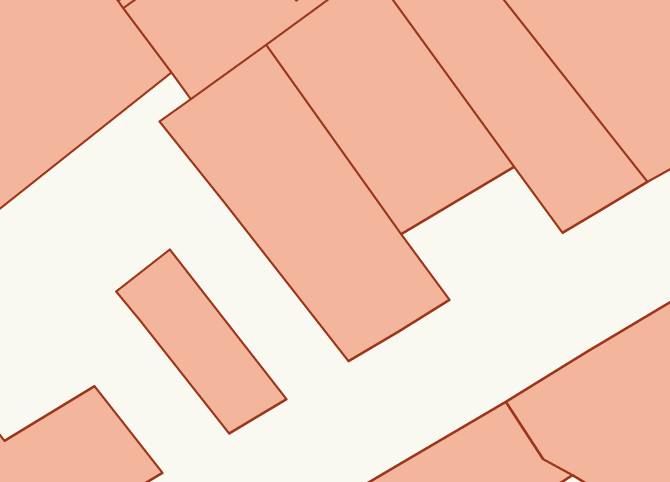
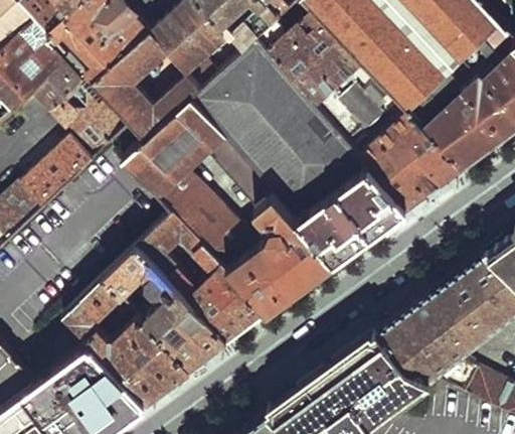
building: none -> [297,169,407,265]
building: none -> [139,212,269,343]
building: none -> [68,280,191,402]

